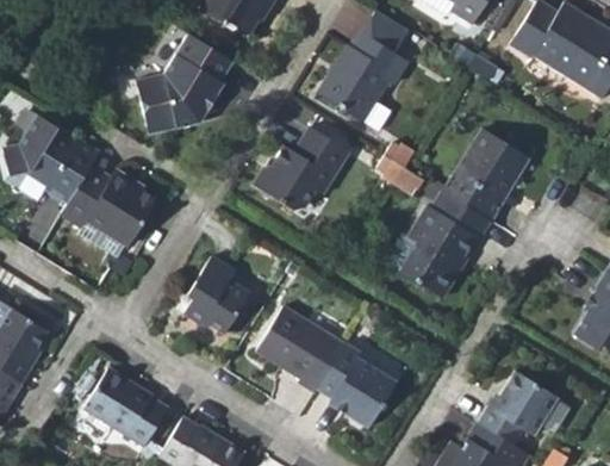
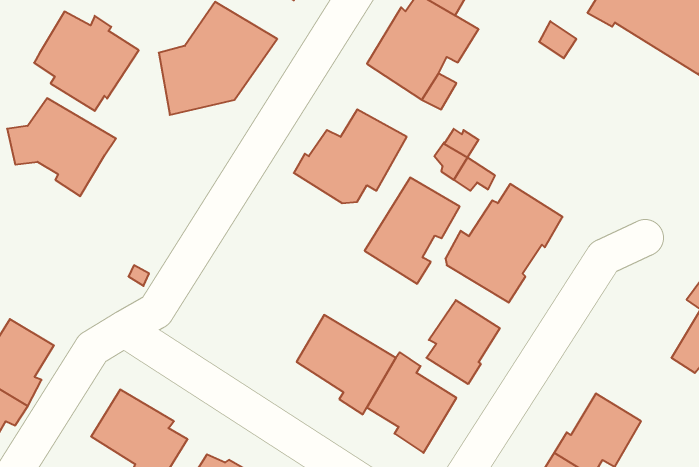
building: [442,129,524,220] -> [365,178,460,284]
building: [66,167,156,253] -> [34,12,139,111]
building: [178,257,248,330] -> none
building: none -> [426,300,500,384]

